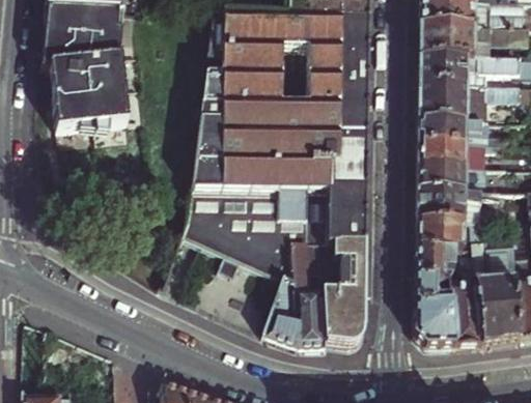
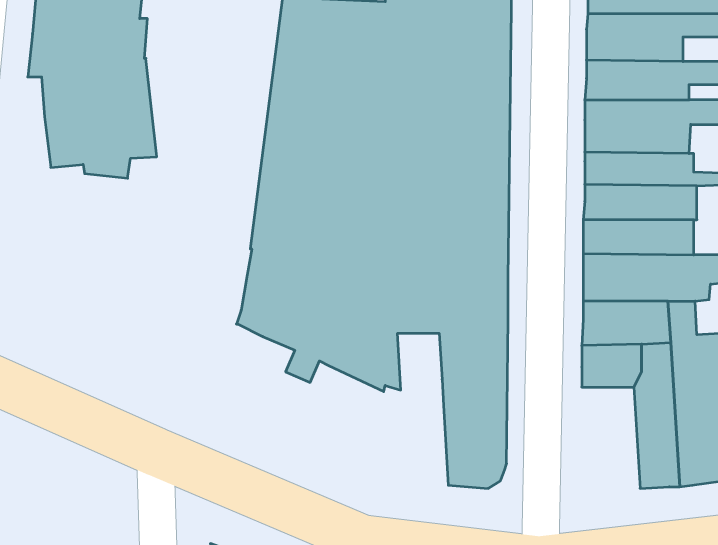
building: [262,243,326,350] -> none
building: [416,280,455,348] -> none

